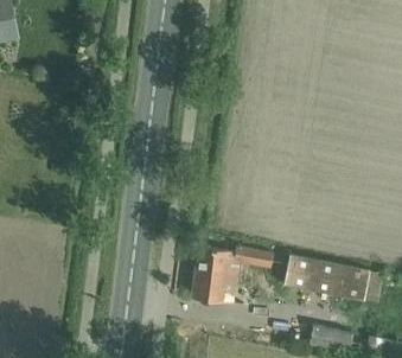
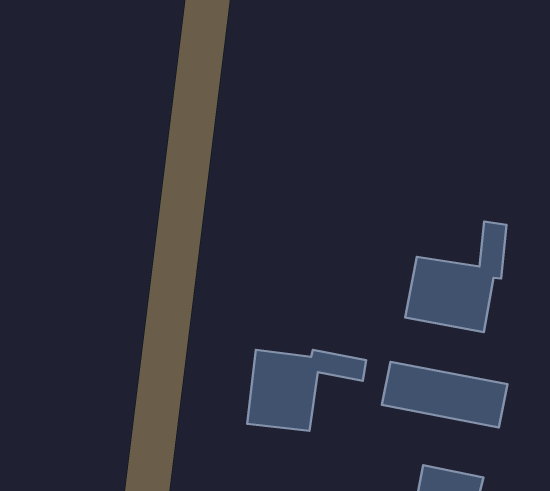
building: none -> [405,222,507,332]

